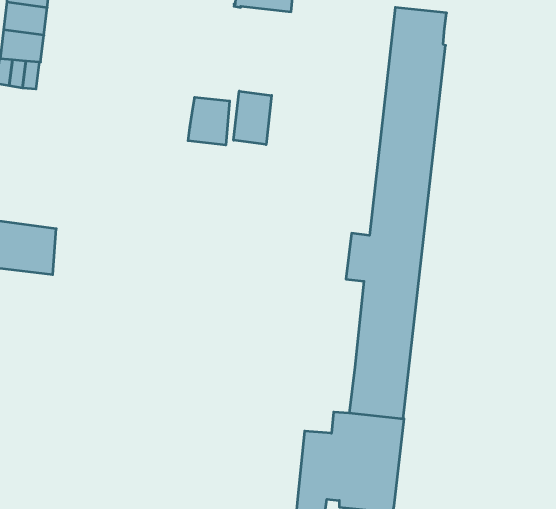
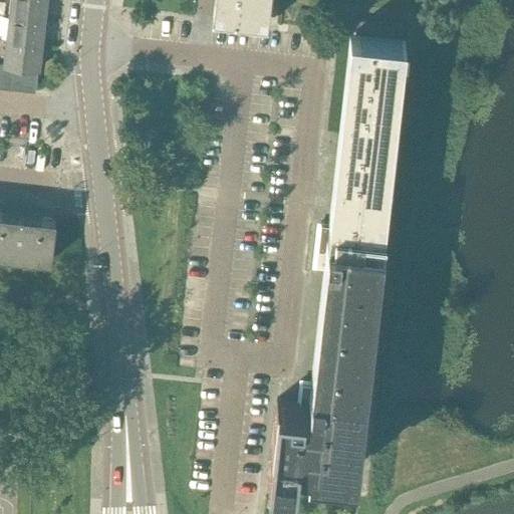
building: [234,91,272,145] -> none
building: [188,97,230,145] -> none

